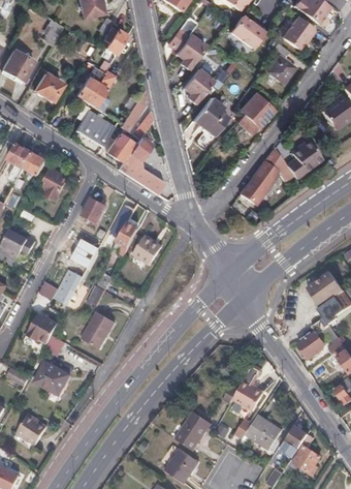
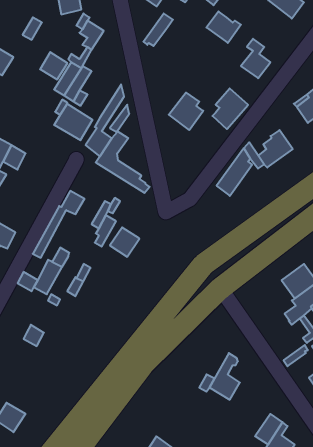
building: [282,16,315,49] -> none
building: [174,34,204,70] -> none
building: [183,69,214,105] -> none
building: [33,73,61,101] -> [40,52,67,79]
building: [40,167,67,204] -> none
building: [81,311,115,349] -> none
building: [27,312,58,343] -> none
building: [298,331,325,359] -> none
building: [34,362,70,395] -> none
building: [176,411,212,451] -> none
building: [246,416,281,450] -> none

